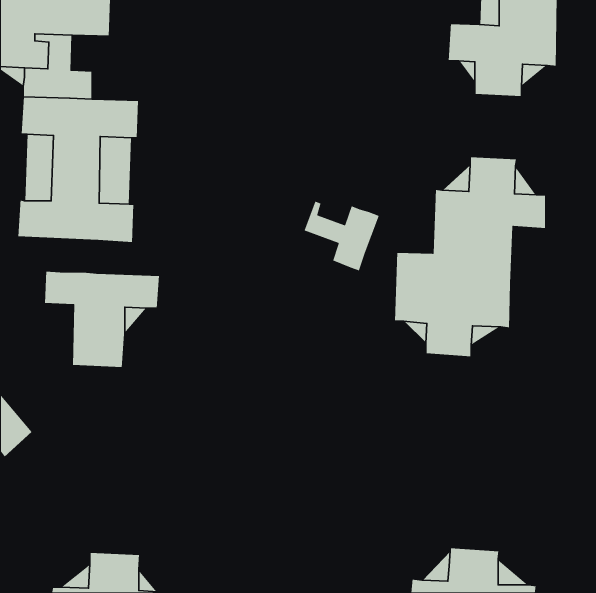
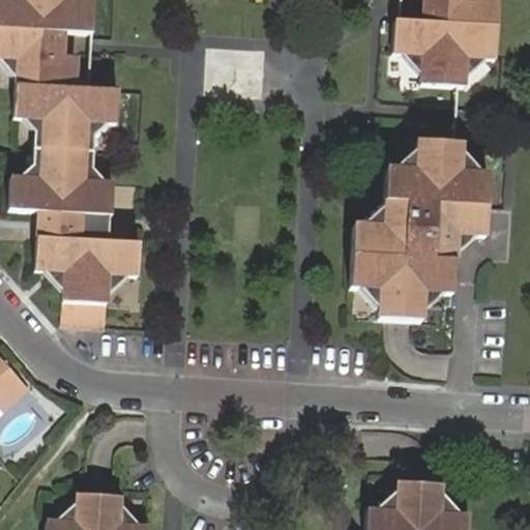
building: [304,201,380,272] -> none
building: none -> [453,201,484,252]
building: none -> [40,211,87,242]

